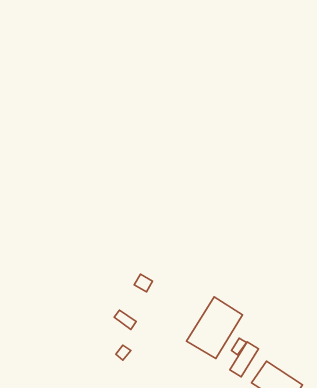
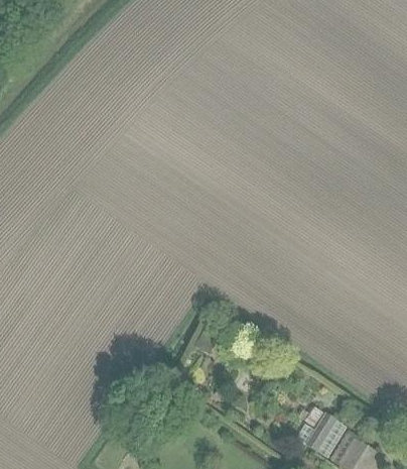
building: [186,297,242,359] -> none

